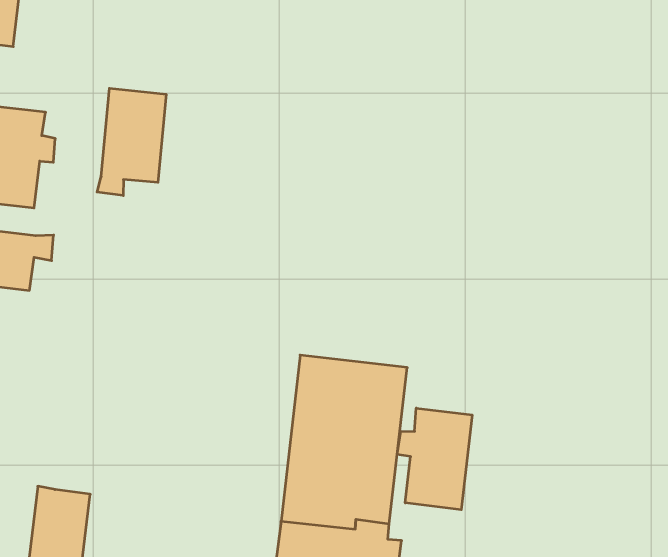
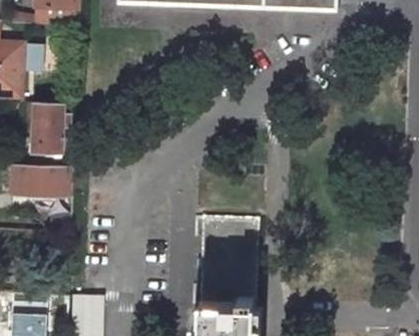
building: [97,88,166,196] -> none
building: [397,408,472,510] -> none

